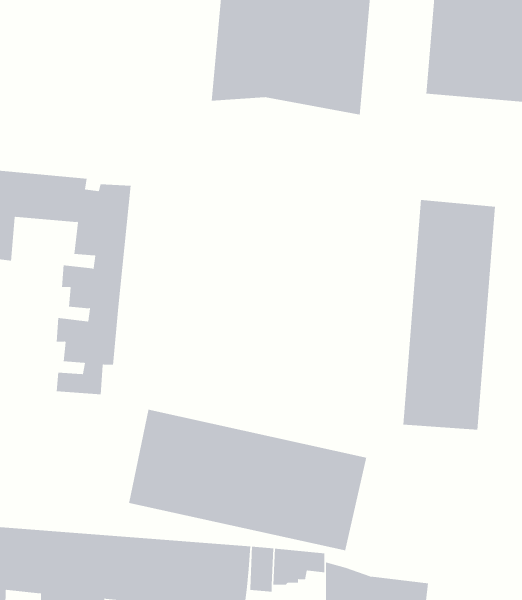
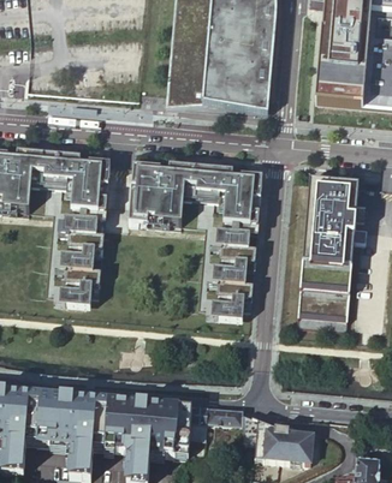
building: none -> [127,163,262,317]
building: [128,409,367,551] -> none

